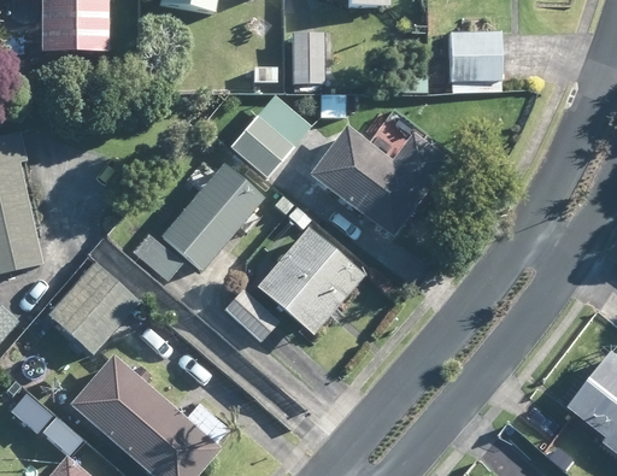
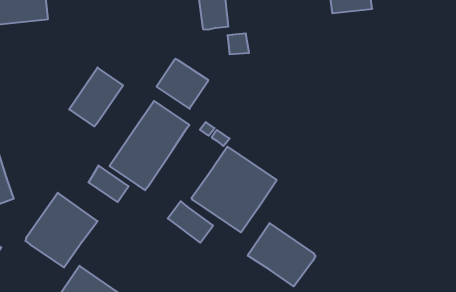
building: [308,96,448,235] -> none
building: none -> [69,67,123,126]
building: none -> [248,223,316,286]

